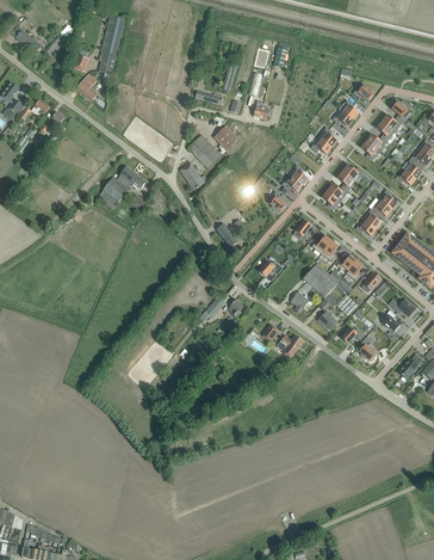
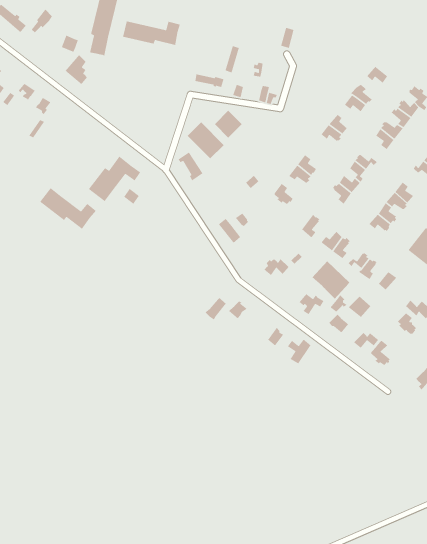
building: none -> [122,20,181,46]
building: none -> [39,187,97,230]

